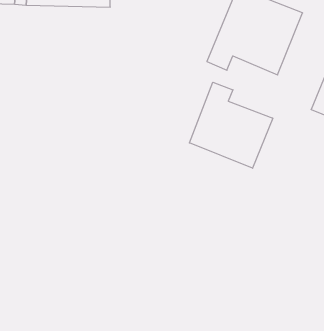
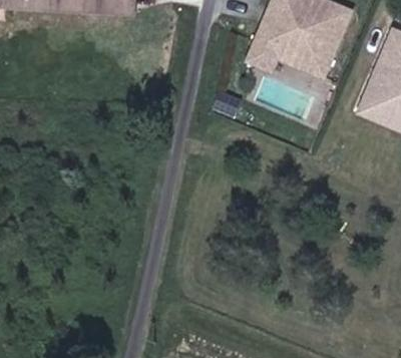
building: [189,82,273,168] -> none

